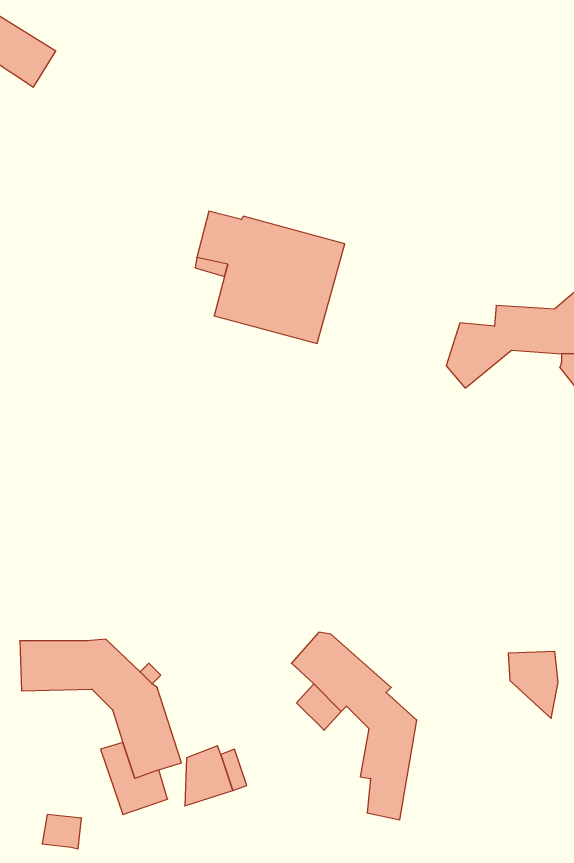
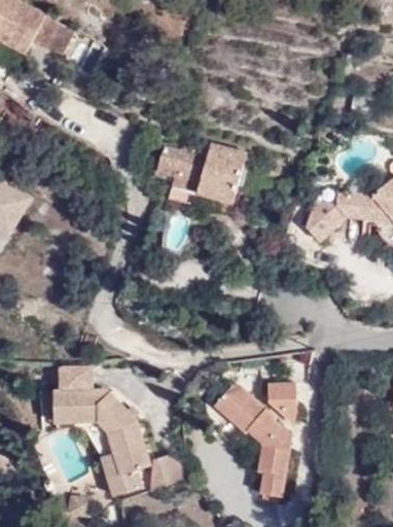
building: none -> [56,365,93,391]
building: [508,651,558,718] -> [267,383,297,423]

